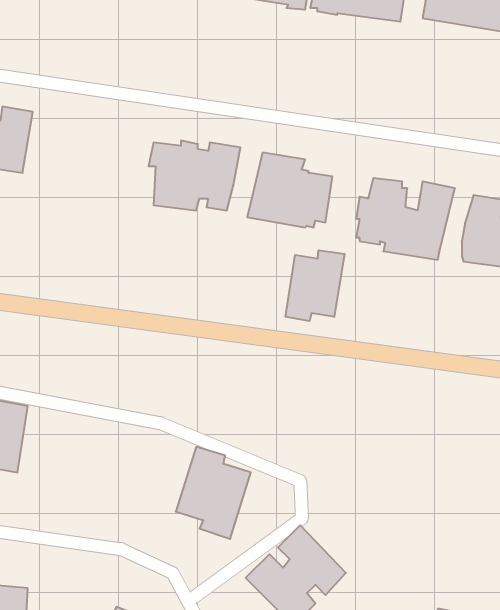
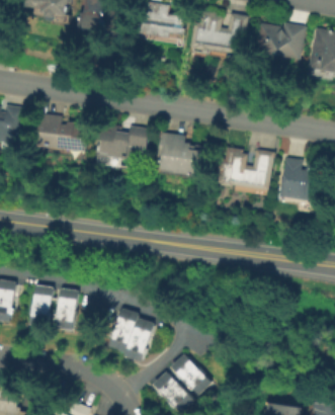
building: none -> [30,114,89,160]
building: [285,250,344,321] -> none
building: none -> [28,283,77,329]

